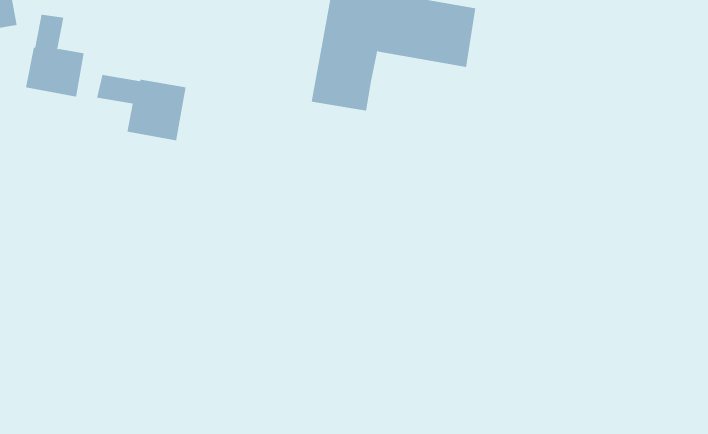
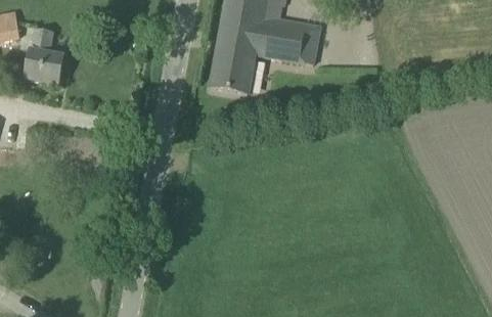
building: [97,74,186,141] -> none

